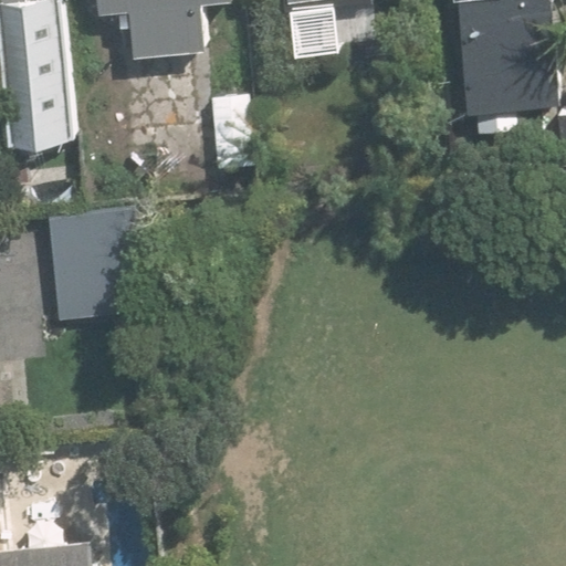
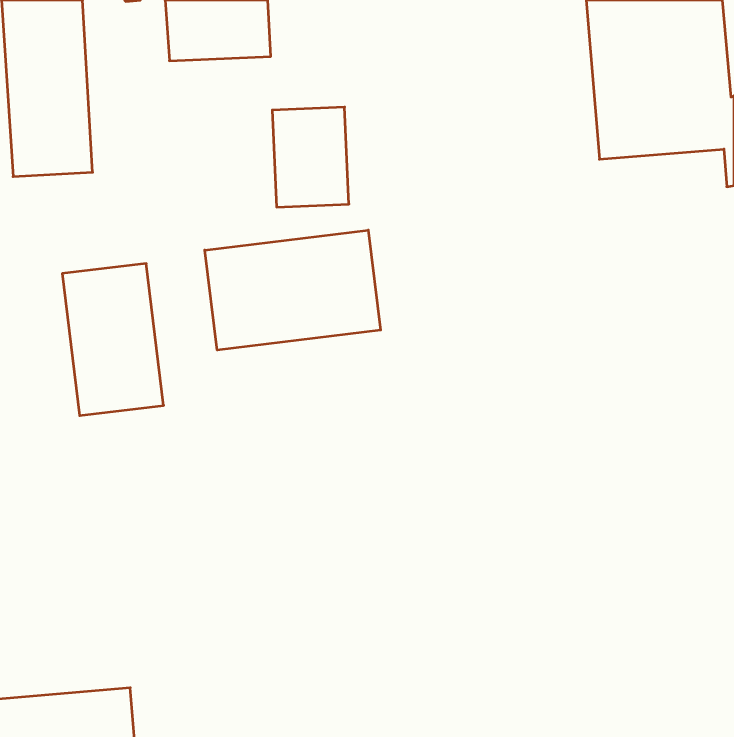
building: none -> [205,230,381,350]

